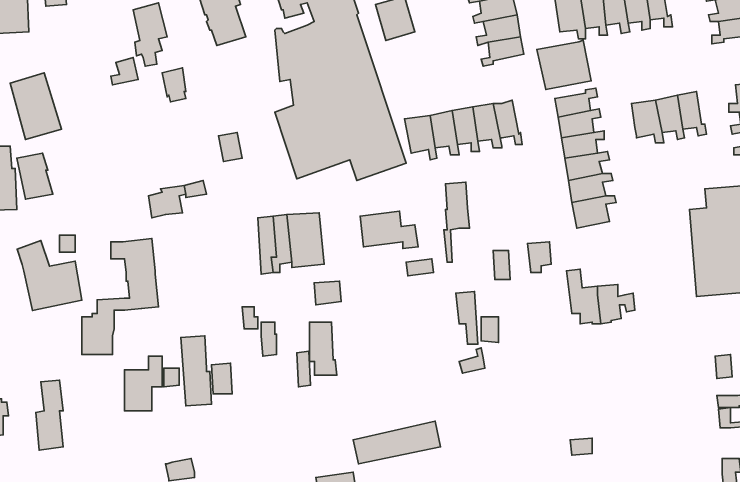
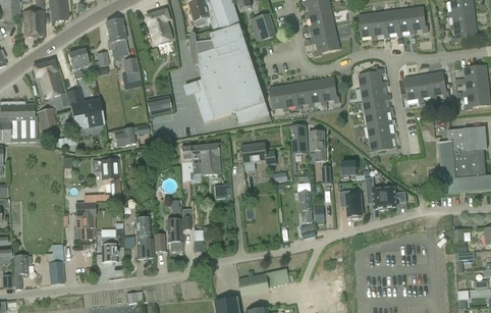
building: [537,40,591,89] -> none
building: none -> [67,48,89,77]
building: none -> [309,131,325,160]
building: [17,241,82,311] -> [65,87,104,128]
building: none -> [339,190,363,217]
building: [309,322,337,375] -> [167,218,183,250]

